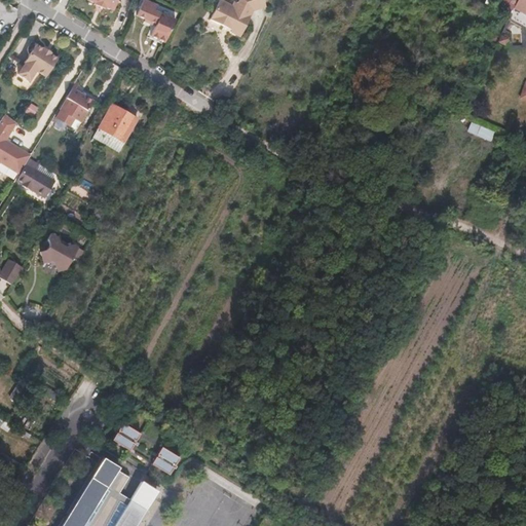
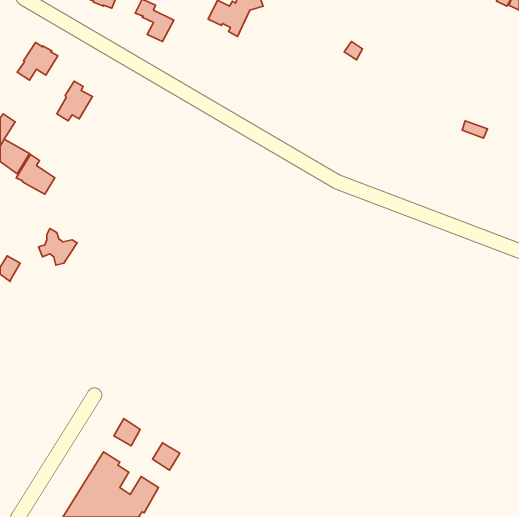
building: [99,102,137,140] -> none

